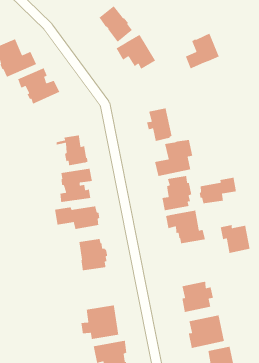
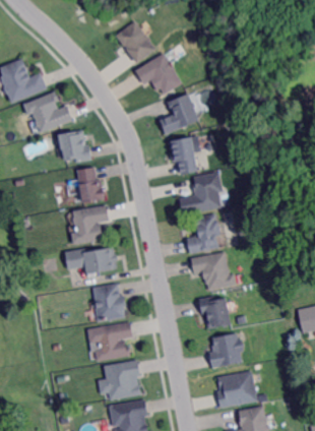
building: [185,33,220,70] -> [160,93,199,134]
building: none -> [60,129,93,163]
building: [199,177,237,204] -> none
building: [220,224,250,254] -> [198,296,233,329]
building: none -> [88,321,133,361]

